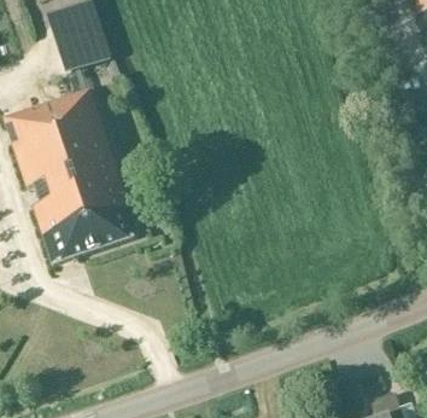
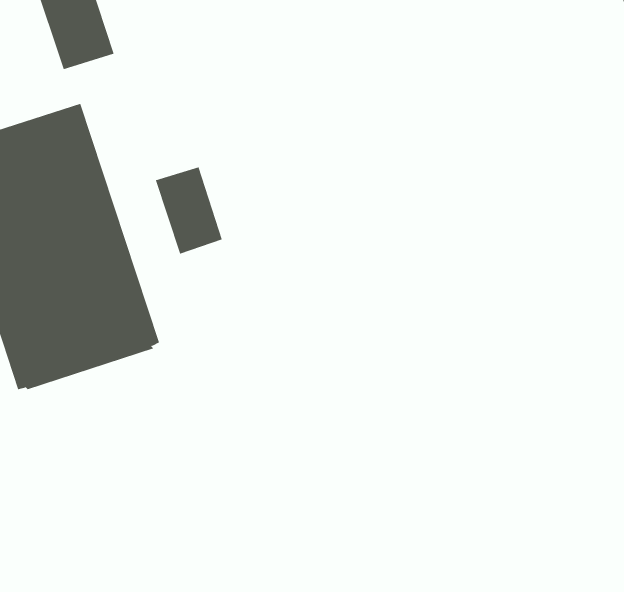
building: none -> [155,166,223,255]

